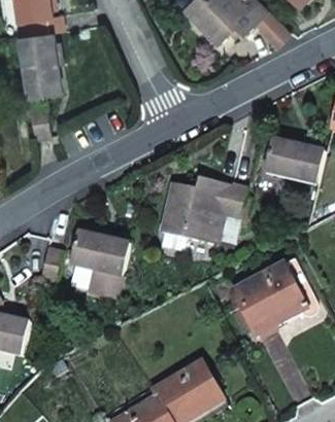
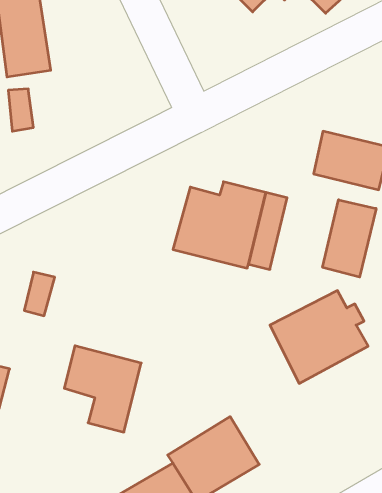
building: none -> [323,200,376,277]
building: [68,232,128,298] -> [64,346,141,432]

